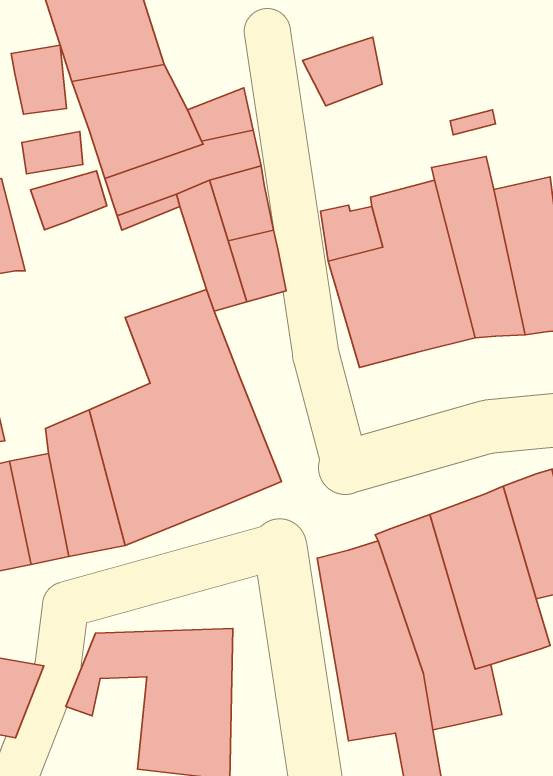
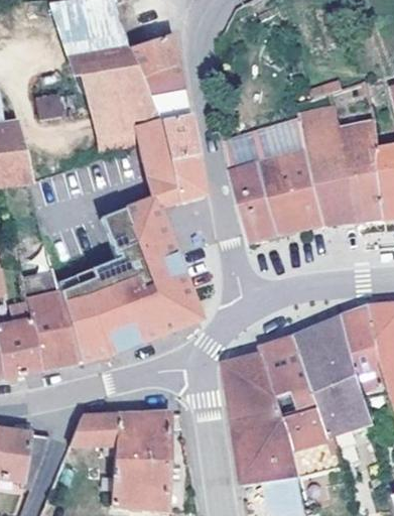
building: [302,37,382,106] -> [126,31,177,76]
building: [11,45,67,114] -> none
building: [31,171,107,230] -> none

